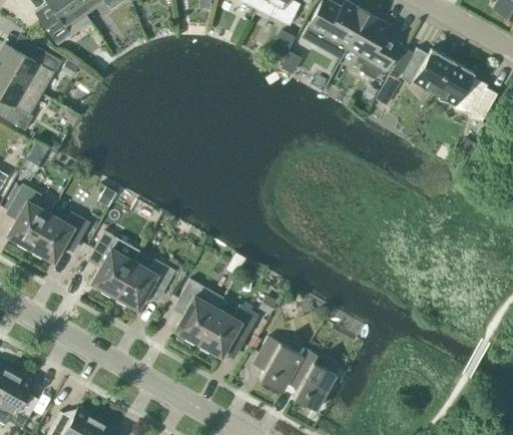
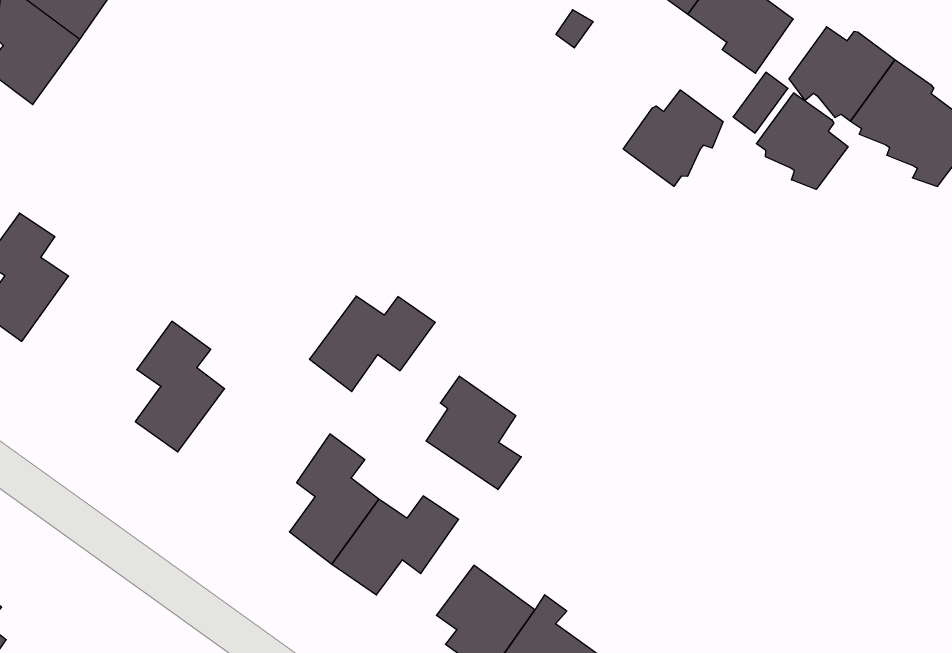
building: none -> [756,93,848,189]
building: none -> [623,90,723,186]
building: [29,211,89,262] -> none
building: none -> [426,376,521,490]
building: [113,260,174,310] -> [309,296,435,392]

